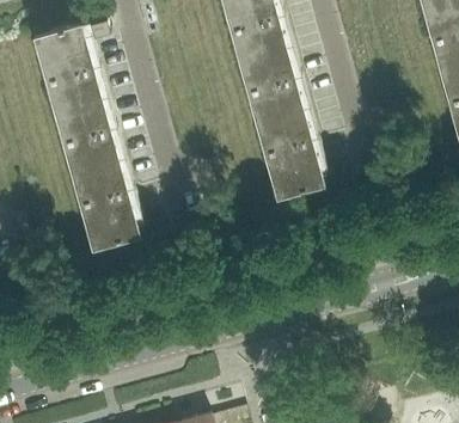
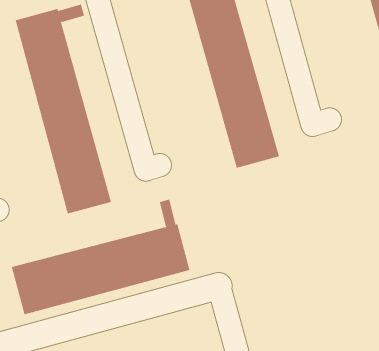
building: none -> [11,199,190,315]

